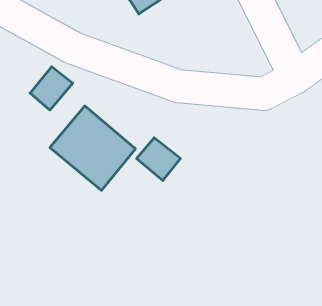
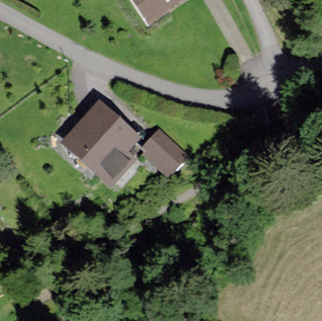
building: [30,67,73,110] -> none

